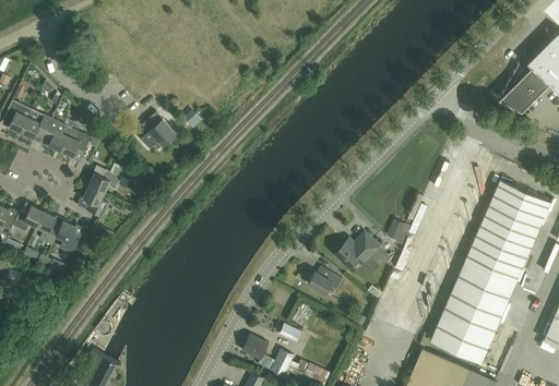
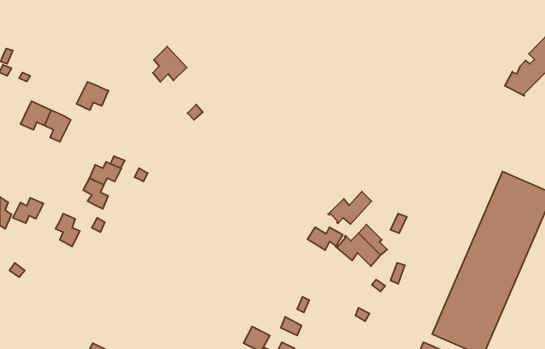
building: [5,101,32,133] -> none
building: [142,113,176,148] -> [153,46,187,82]
building: [60,129,92,157] -> [77,82,108,110]
building: none -> [328,192,371,224]
building: [36,212,60,244] -> none
building: [308,272,343,294] -> [308,227,343,250]

